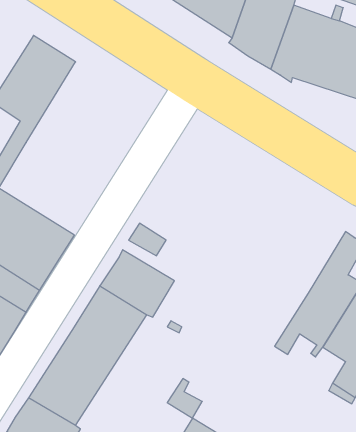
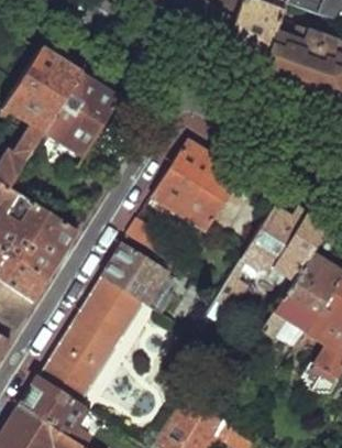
building: none -> [35,70,121,150]
building: none -> [152,140,242,230]
building: none -> [216,197,327,310]

